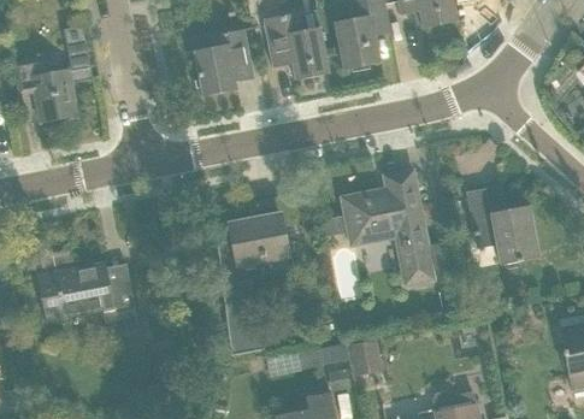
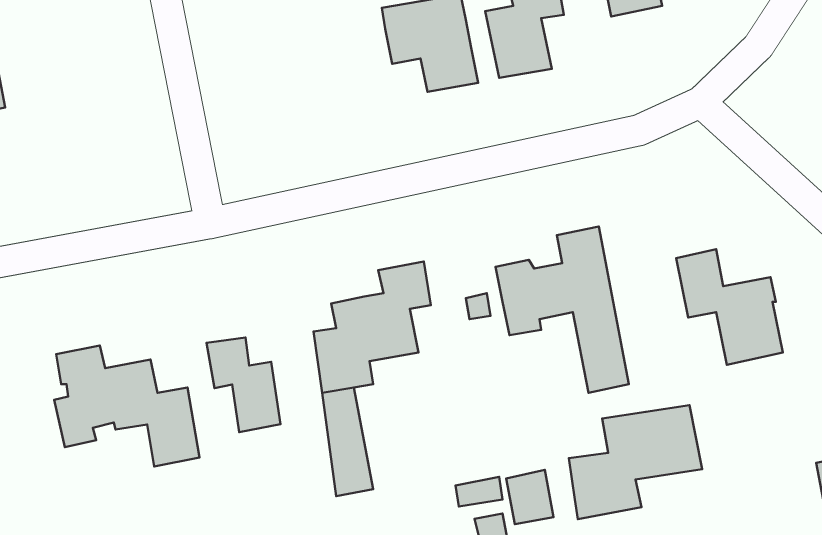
building: [14,25,93,123] -> none
building: [193,29,254,95] -> none
building: none -> [206,337,280,432]
building: none -> [569,405,702,519]

